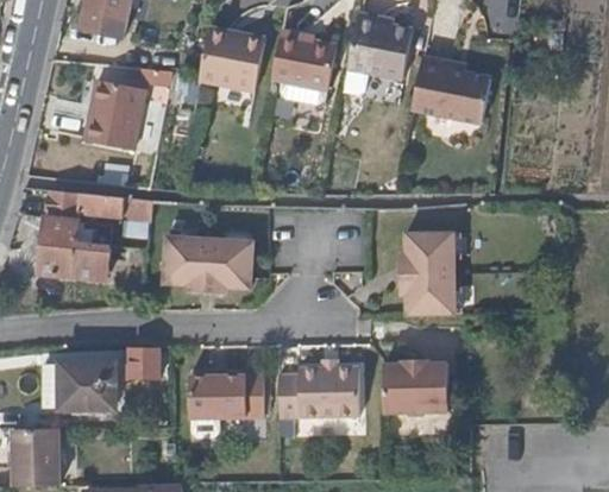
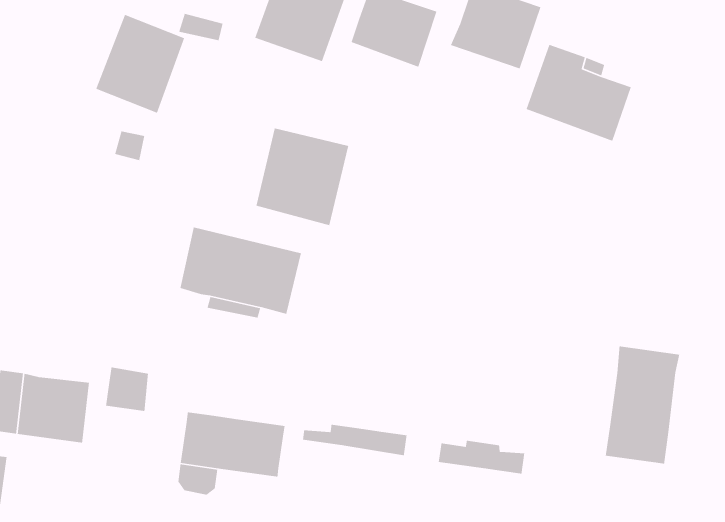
building: none -> [256,128,349,226]
building: [39,189,155,279] -> none
building: [406,232,453,317] -> [605,346,680,464]
building: [277,383,357,416] -> none
building: [383,385,448,417] -> none

